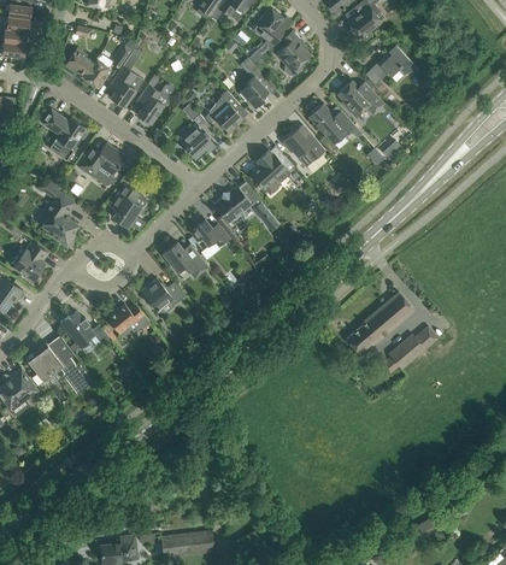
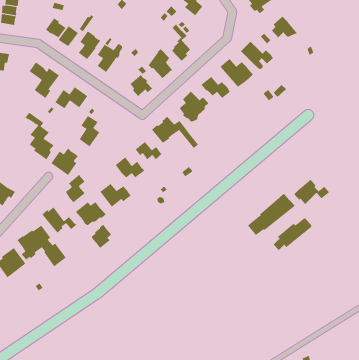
building: [276,30,311,75] -> none
building: [8,241,48,281] -> [50,147,79,176]
building: none -> [65,174,86,203]
building: none -> [294,179,330,205]
building: none -> [91,224,112,249]

